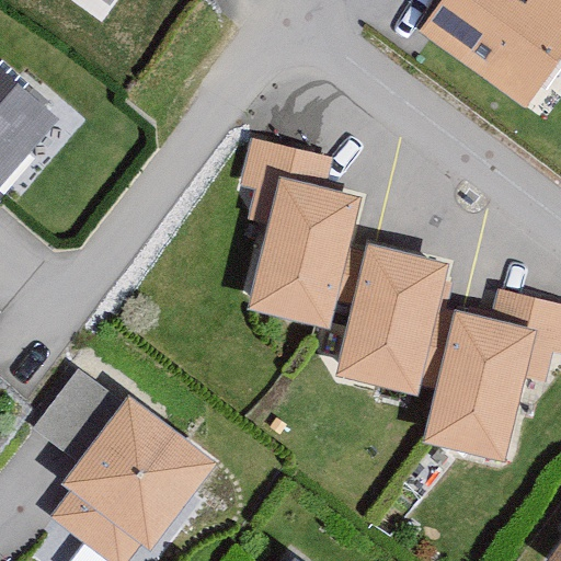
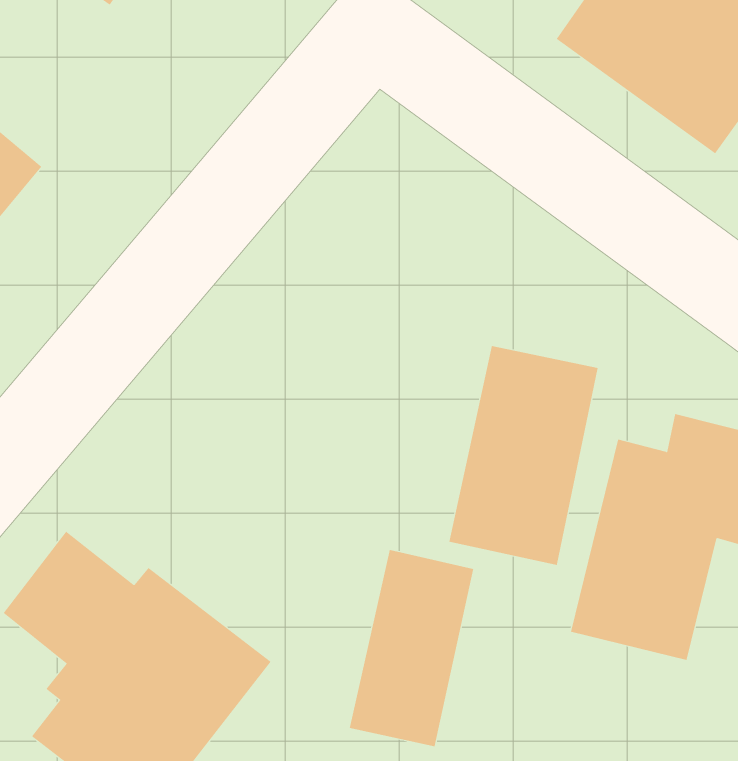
building: [239,138,364,329] -> none
building: none -> [349,549,474,747]

